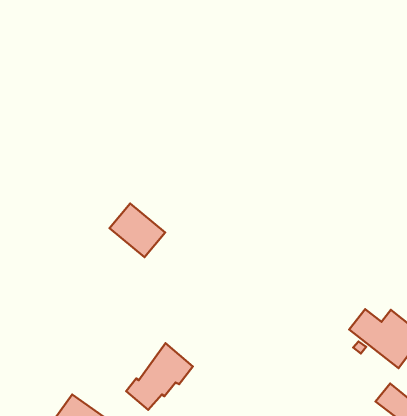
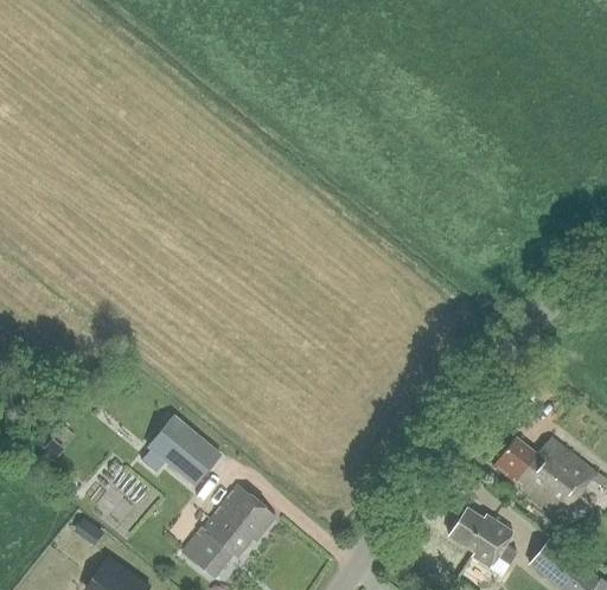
building: [110,203,165,257] -> [146,412,223,487]
building: none -> [449,508,517,569]

